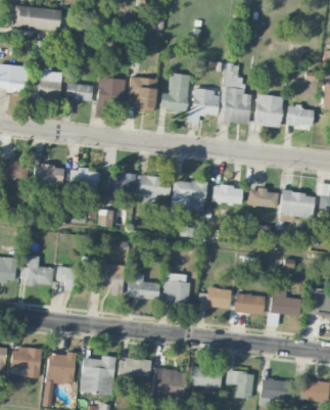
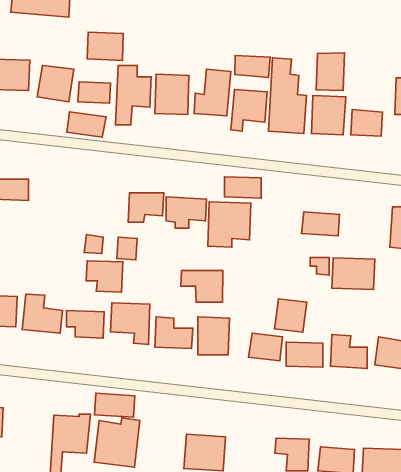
building: none -> [87,32,123,60]
building: none -> [316,53,345,91]
building: none -> [235,56,270,77]
building: [34,164,65,184] -> [67,112,106,137]
building: [69,169,99,194] -> [86,261,123,292]
building: [213,185,242,202] -> [224,177,261,198]
building: [280,191,315,217] -> [332,258,375,289]
building: none -> [181,270,223,302]
building: none -> [274,299,307,332]
building: [11,348,41,377] -> none
building: [119,358,151,377] -> [94,393,135,417]
building: [190,366,222,388] -> none

